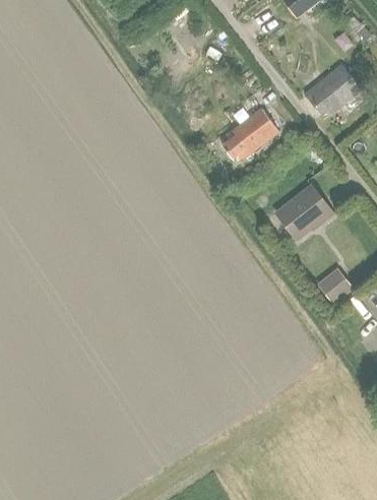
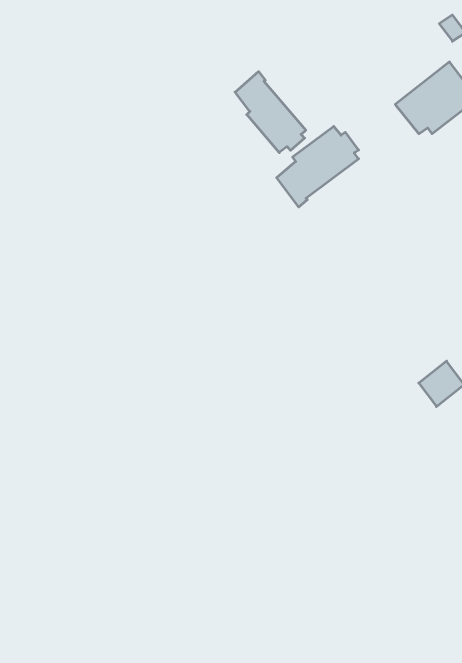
building: none -> [235,72,306,153]
building: [276,185,333,240] -> none

